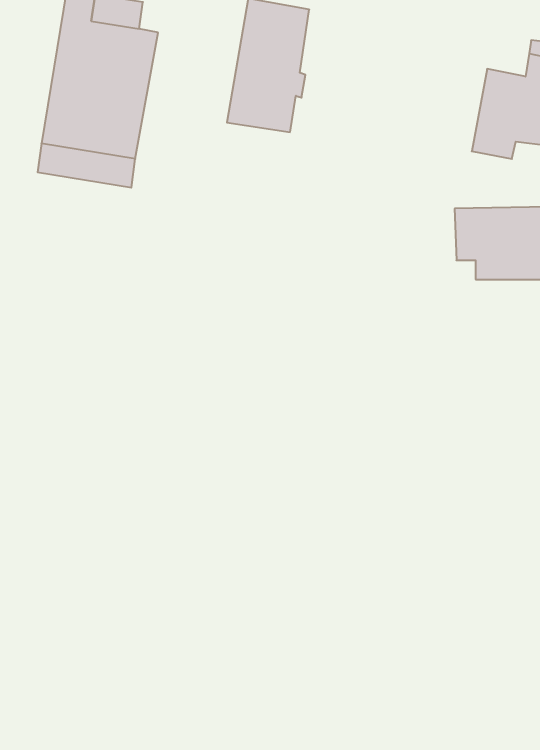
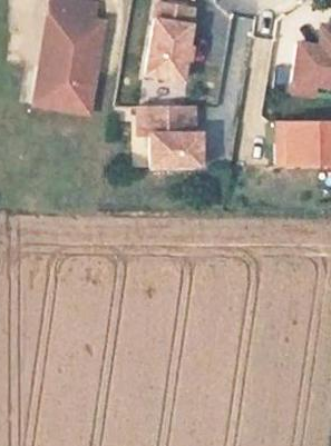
building: none -> [140,107,202,168]

